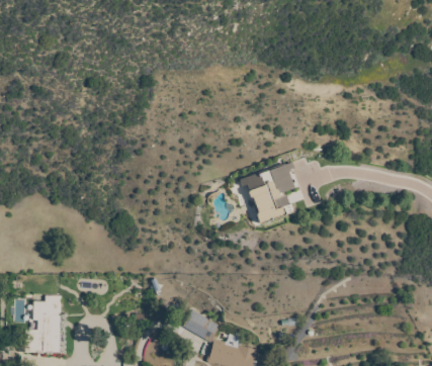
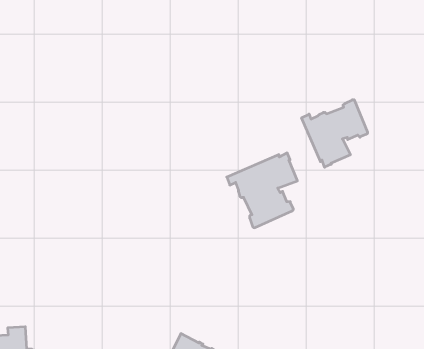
building: none -> [302,100,367,167]

